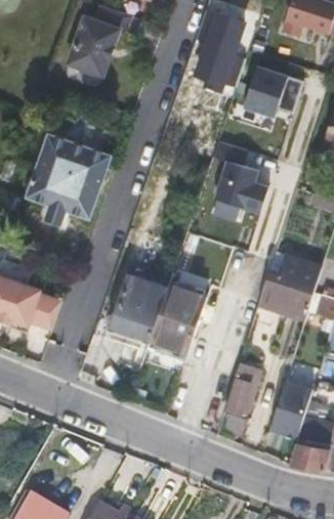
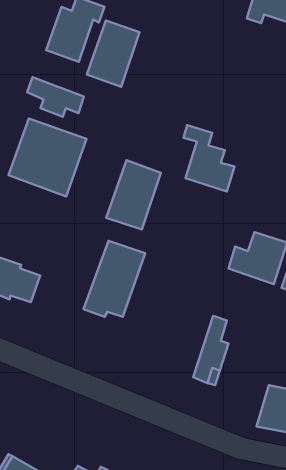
building: [197,20,253,91] -> [87,20,140,87]
building: [245,68,304,118] -> none
building: none -> [27,77,84,117]
building: [149,282,207,355] -> [106,160,161,229]
building: [269,382,312,439] -> none

